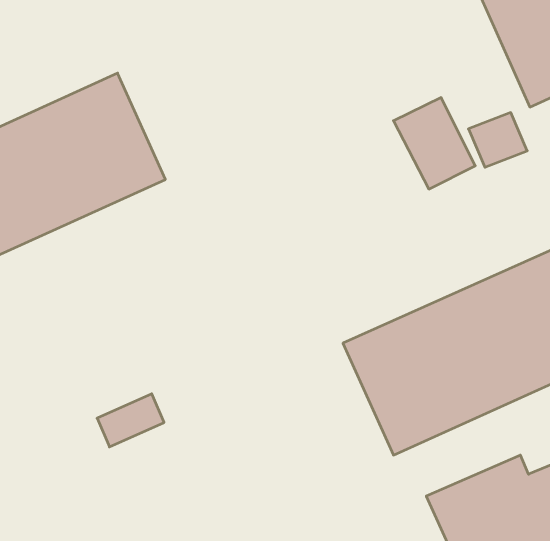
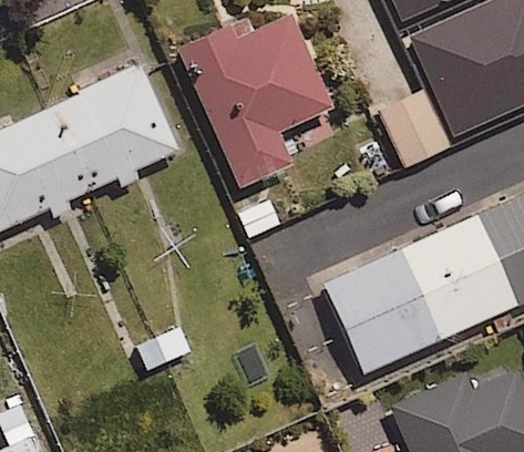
building: none -> [179,13,336,187]

